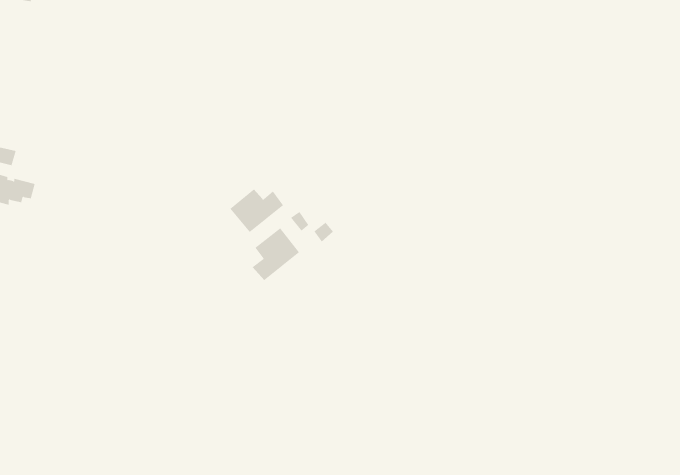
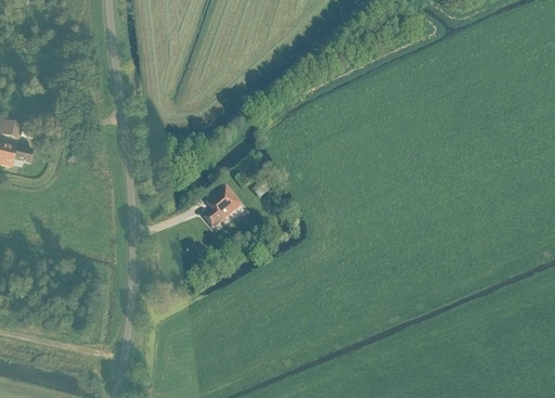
building: [230,188,284,233] -> none

